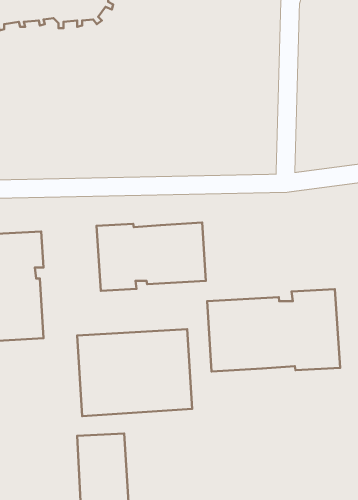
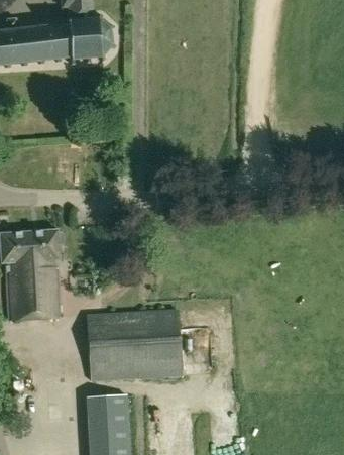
building: [97,223,206,291] -> none
building: [207,289,340,372] -> none

